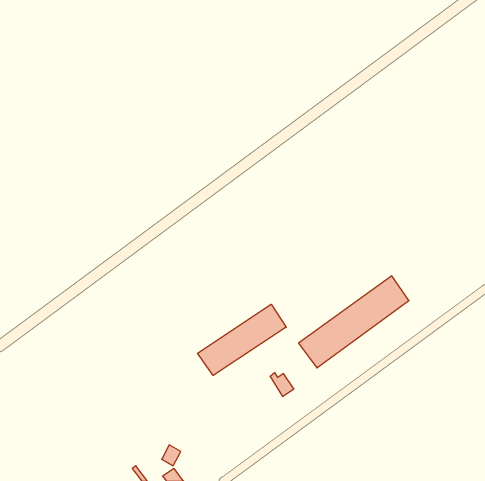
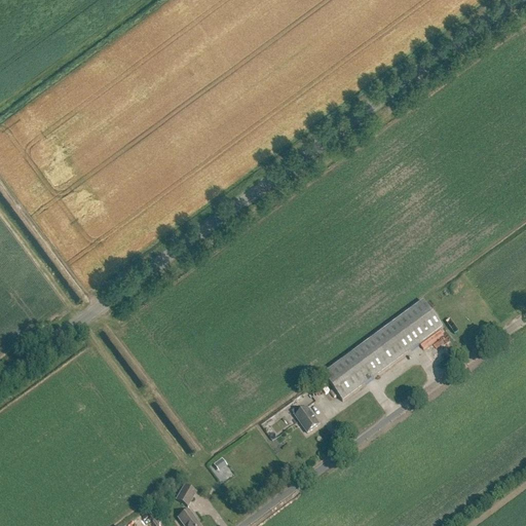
building: [198,304,286,375] -> none

